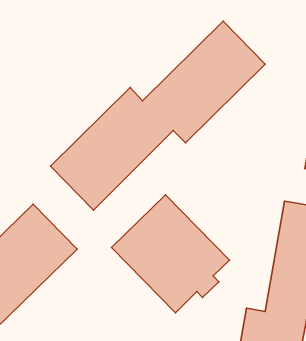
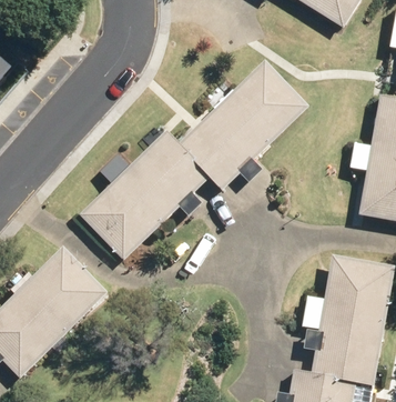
building: [111,195,230,313] -> none

